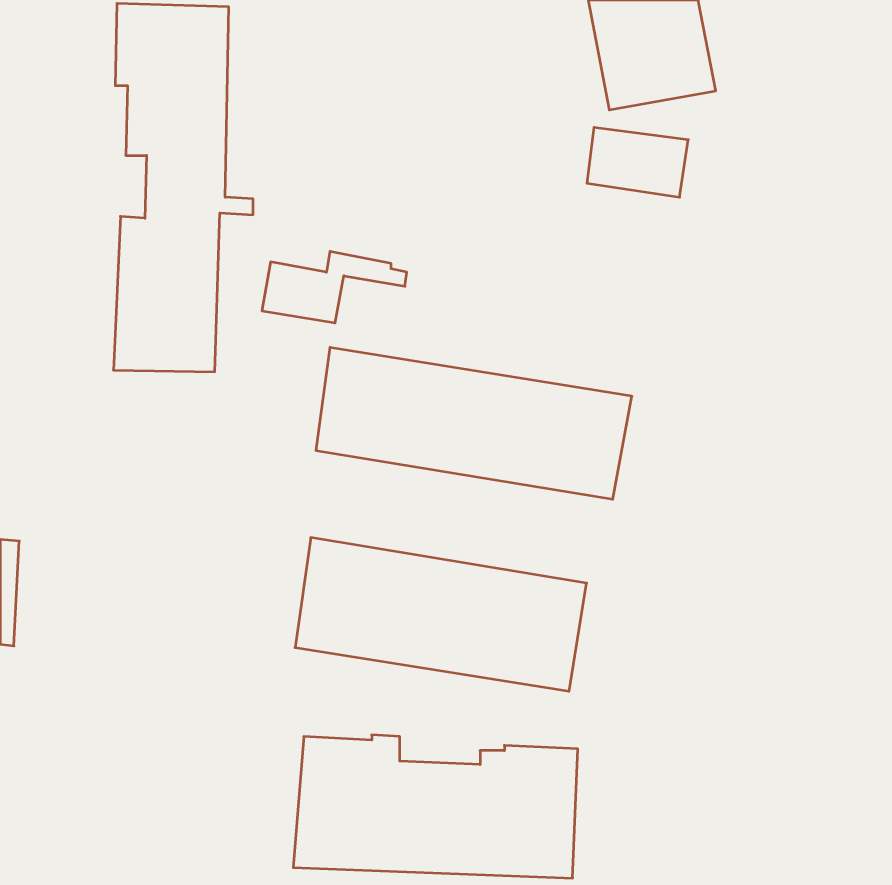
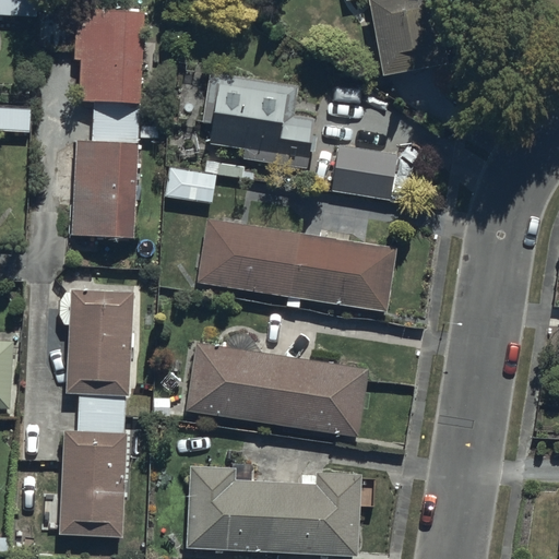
building: none -> [201,72,316,171]
building: [587,127,688,197] -> [333,147,396,191]
building: none -> [57,290,146,539]

